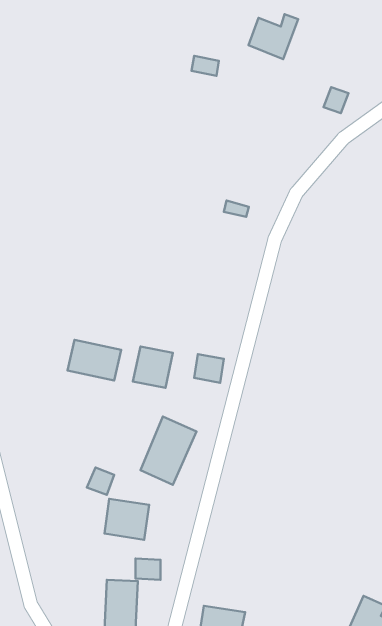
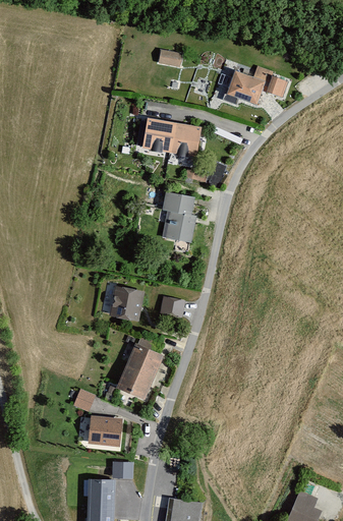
building: [248,14,298,59] -> [228,68,269,105]
building: none -> [142,119,201,157]
building: none -> [163,191,196,242]
building: [67,340,121,380] -> none

